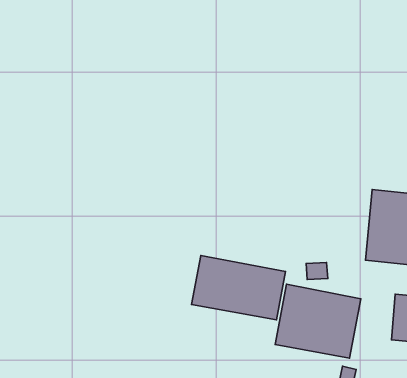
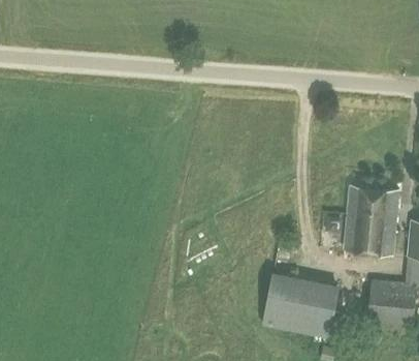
building: [192,255,285,320] -> none

